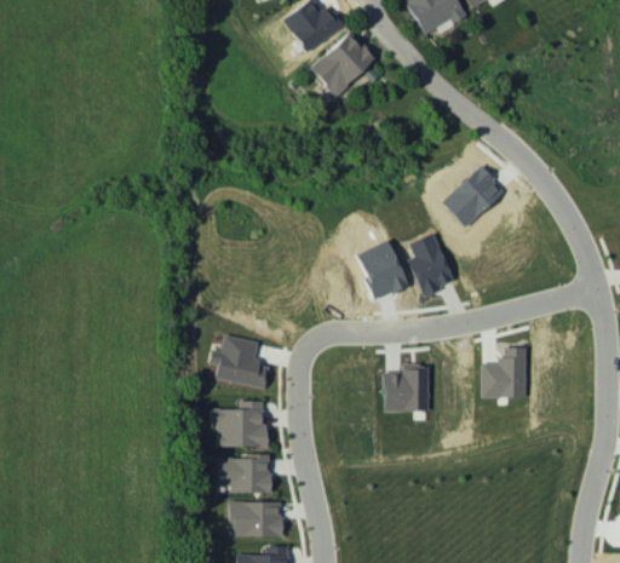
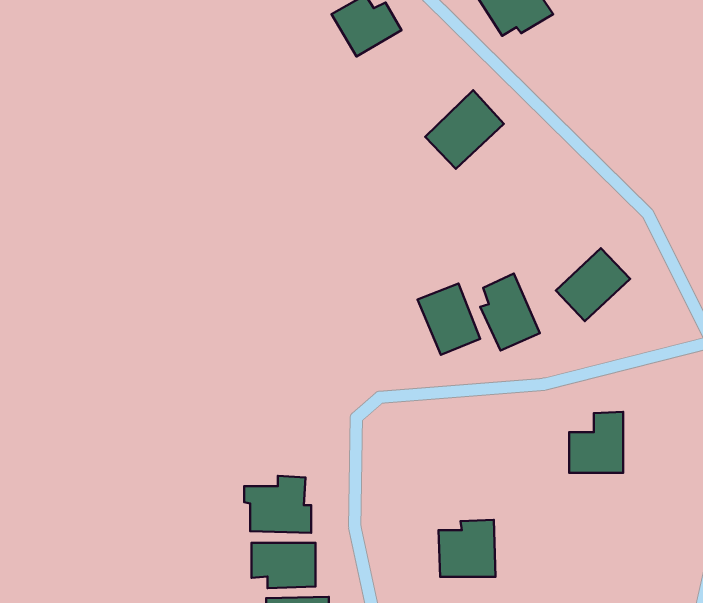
building: [310,31,375,97] -> [425,90,504,169]
building: [442,167,504,228] -> [556,248,630,321]
building: [208,335,268,389] -> none
building: [383,364,430,412] -> [439,520,495,577]

